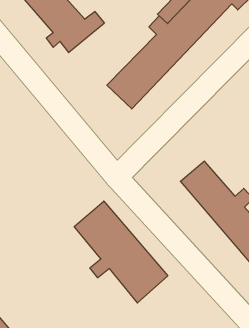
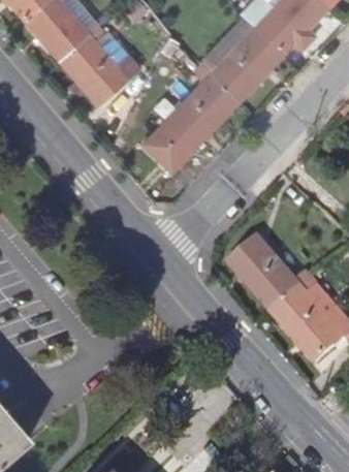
building: [74,201,168,303] -> none

